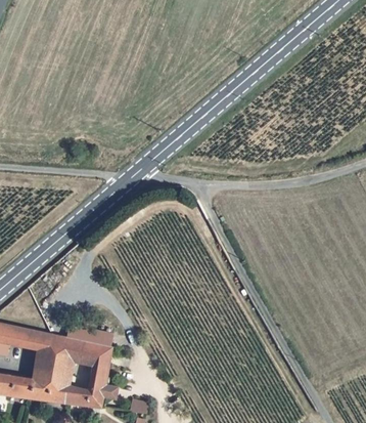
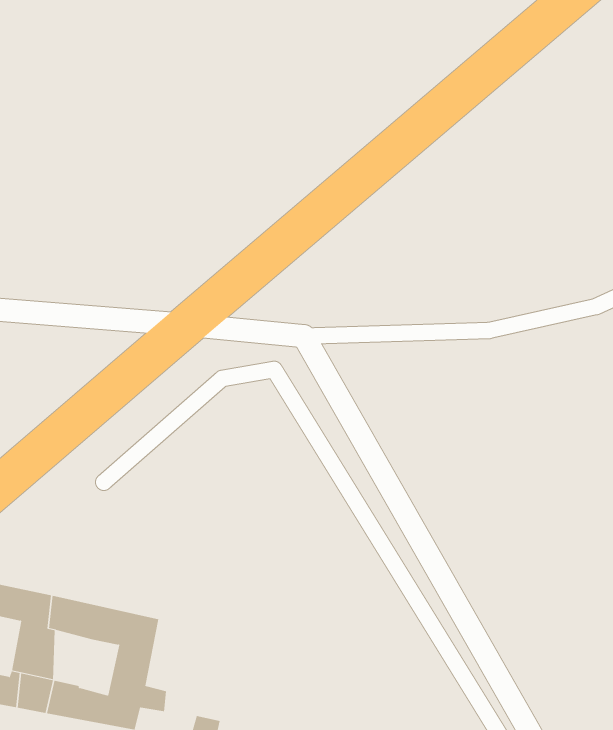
building: [54,354,75,385] -> none

